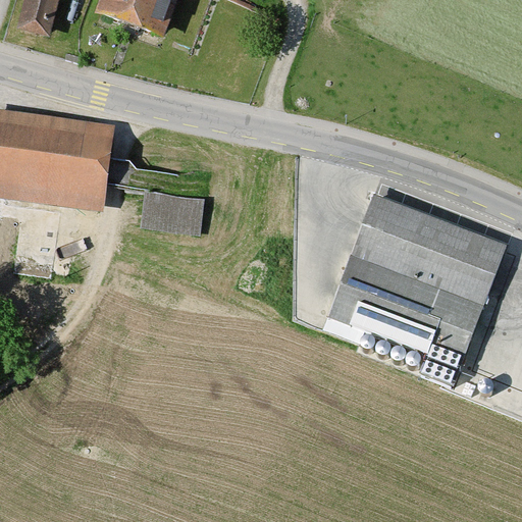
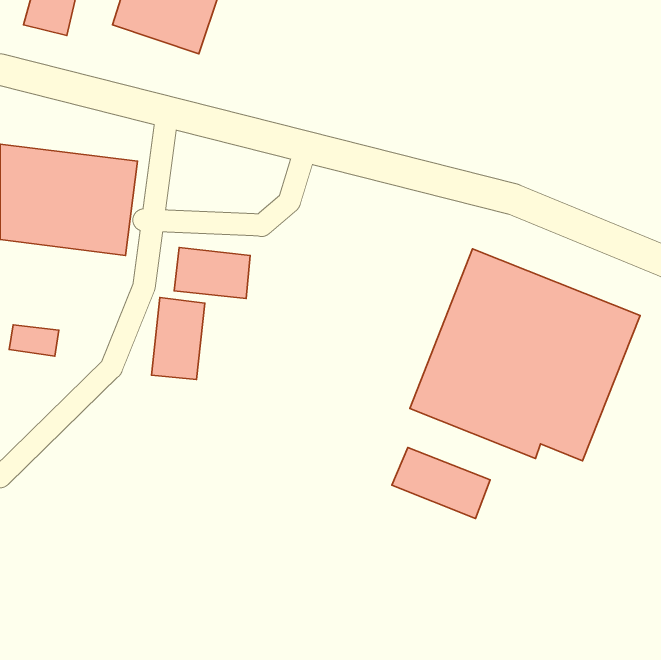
building: none -> [151,298,205,379]
building: none -> [392,447,490,518]

